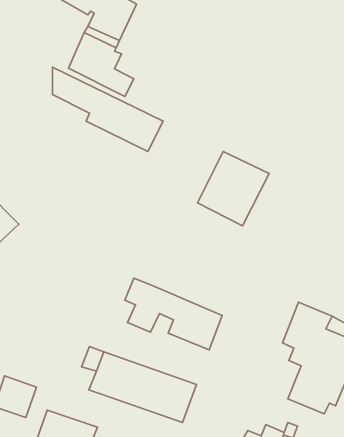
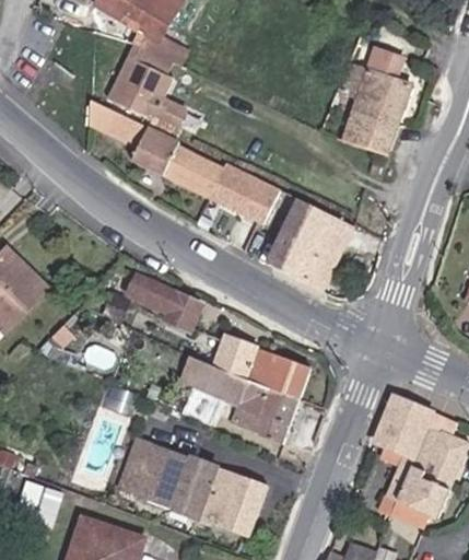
building: none -> [341,48,410,158]
building: none -> [207,162,281,225]
building: none -> [128,275,204,332]
building: none -> [211,334,309,401]

